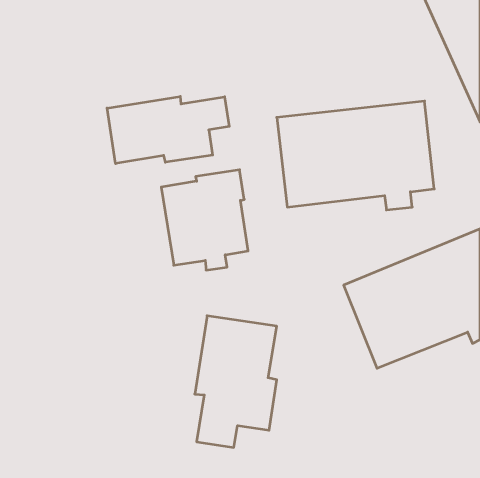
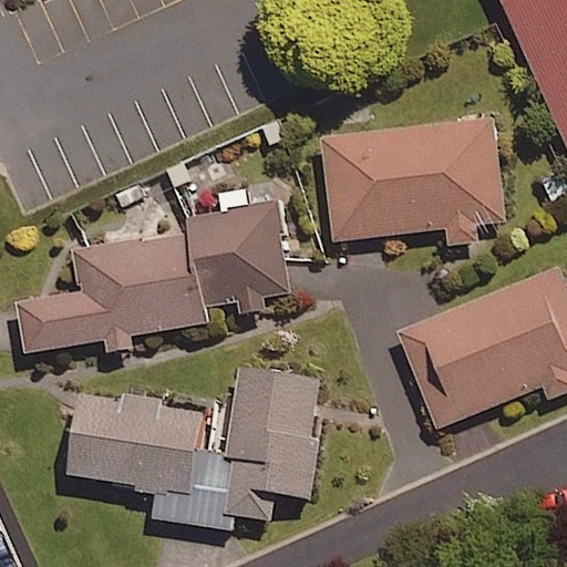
building: [107,96,229,164] -> none
building: none -> [17,231,205,353]
building: none -> [68,398,204,494]

